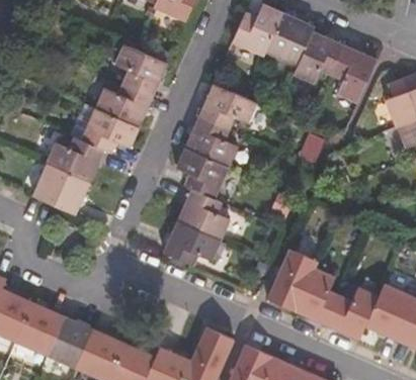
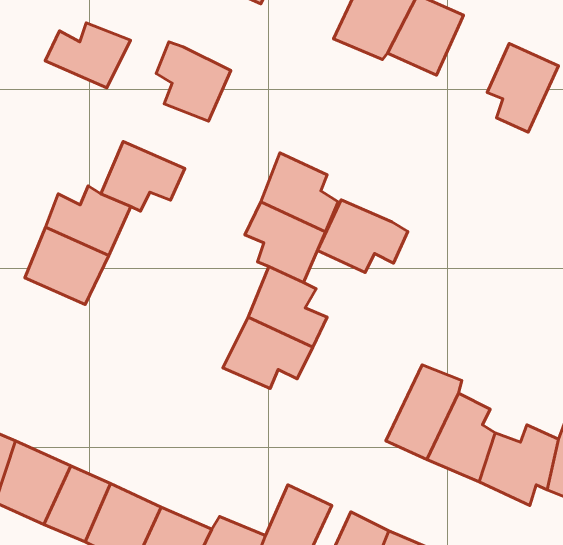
building: [295,32,345,83] -> none
building: [198,83,256,129] -> [318,200,408,273]
building: [98,84,153,125] -> [45,23,131,88]

